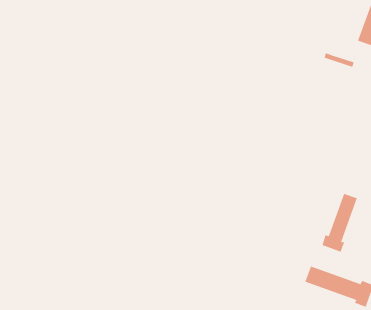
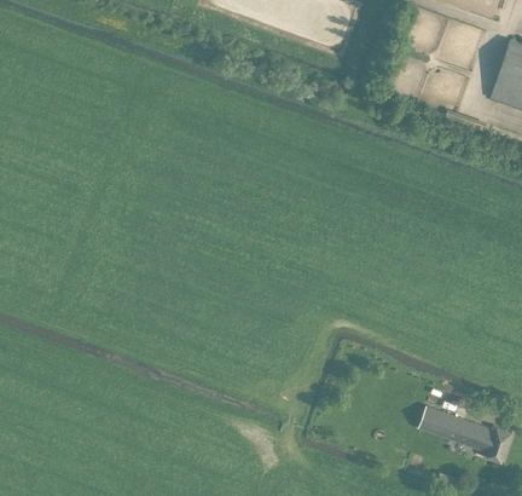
building: [322,193,358,252] -> none

